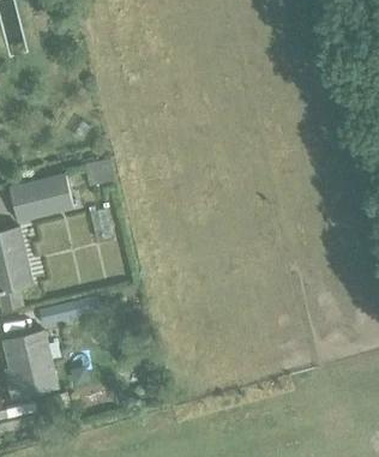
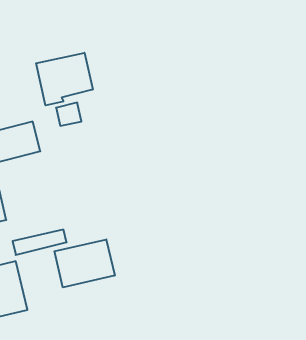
building: none -> [36,53,93,105]
building: none -> [54,239,115,287]

